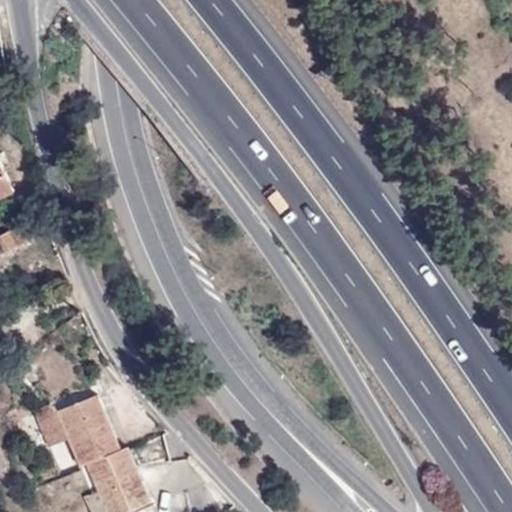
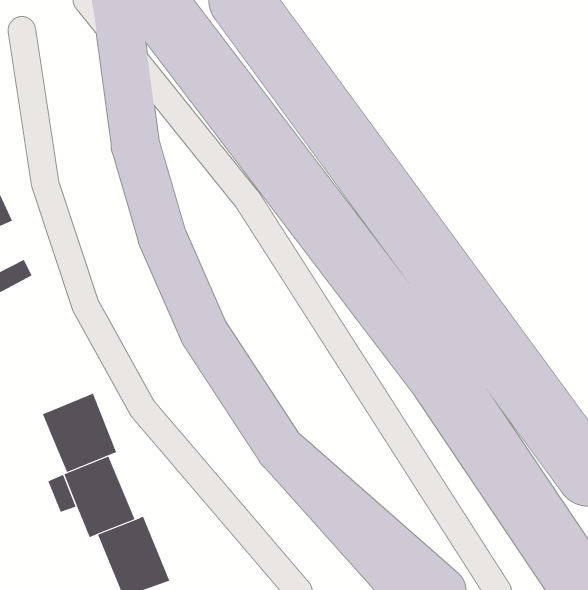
building: none -> [42,393,117,473]

